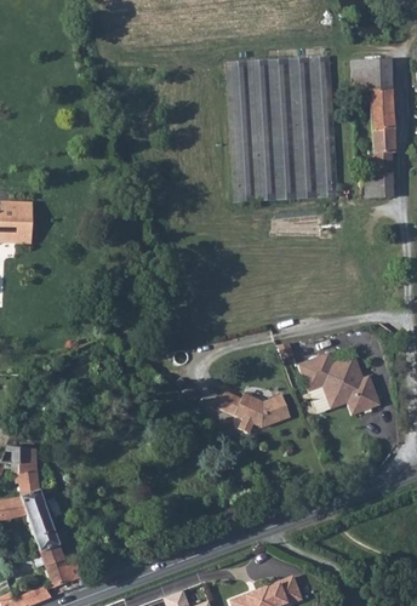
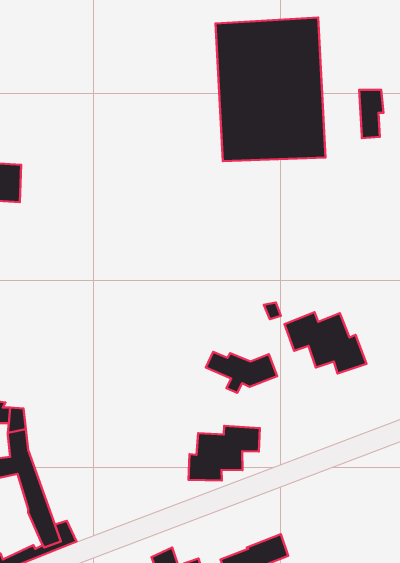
building: [350,59,393,128] -> none
building: [362,175,392,196] -> none
building: none -> [188,426,260,480]

